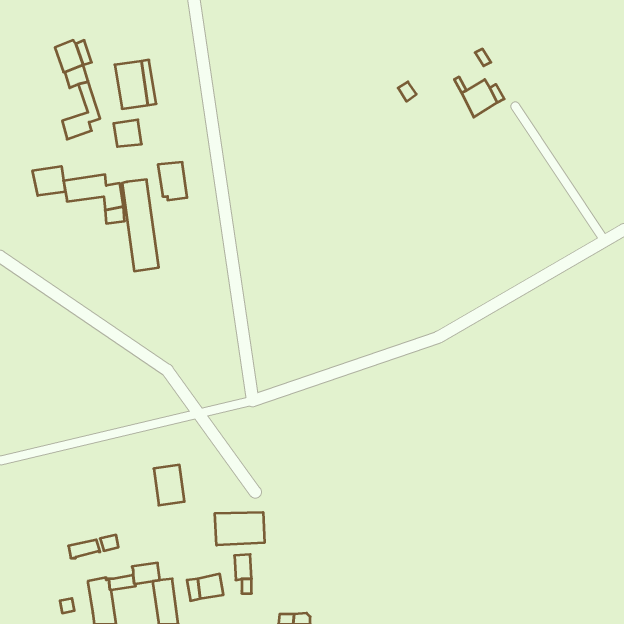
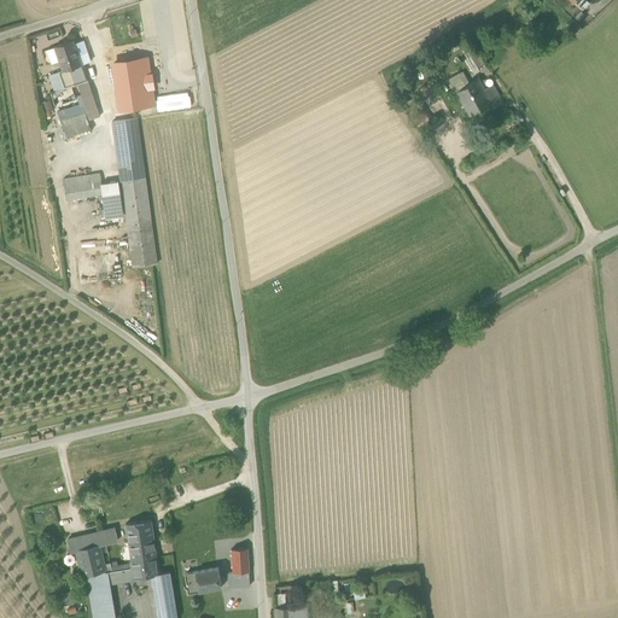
building: [158,162,187,200] -> [116,142,145,180]
building: [33,166,65,196] -> none
building: [154,465,184,505] -> [126,520,156,560]
building: [215,512,264,545] -> none
building: none -> [75,544,105,577]

